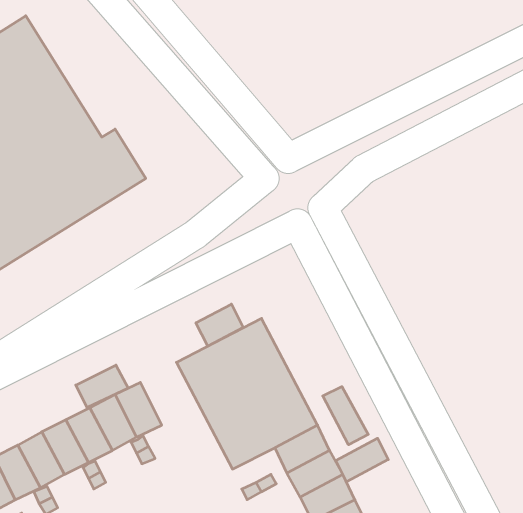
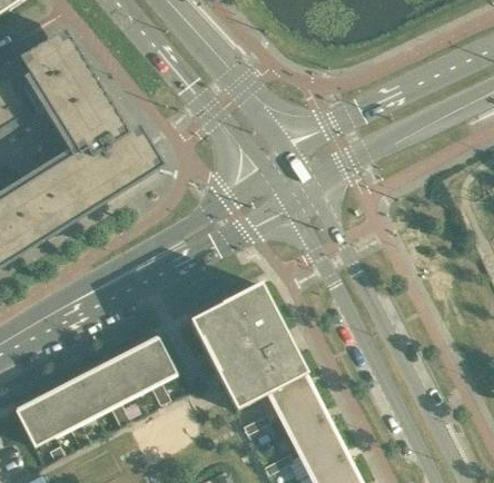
building: [196,304,243,346] -> none
building: [76,365,128,408] -> none
building: [323,387,368,445] -> none
building: [336,438,388,482] -> none

